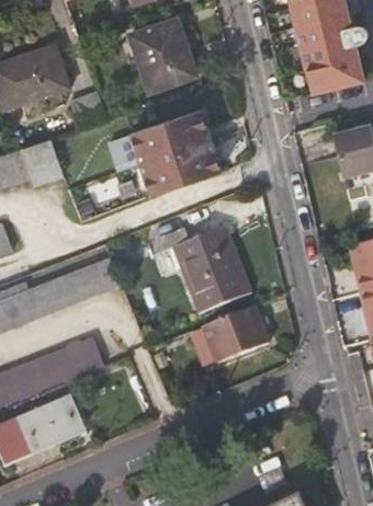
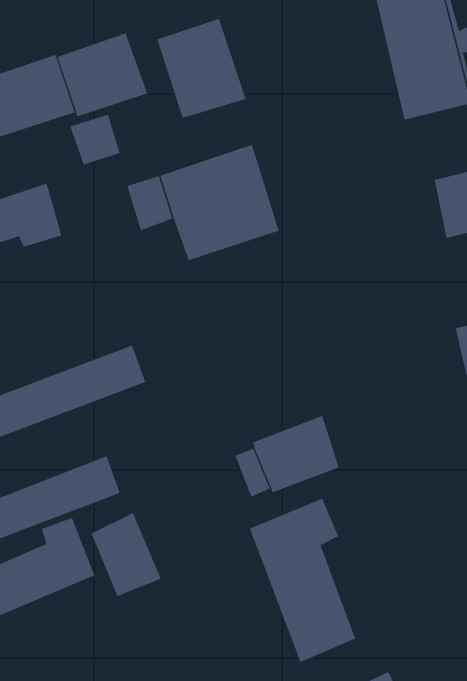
building: none -> [57,33,148,117]
building: [159,226,252,313] -> none
building: none -> [249,498,356,663]
building: none -> [91,512,162,597]

